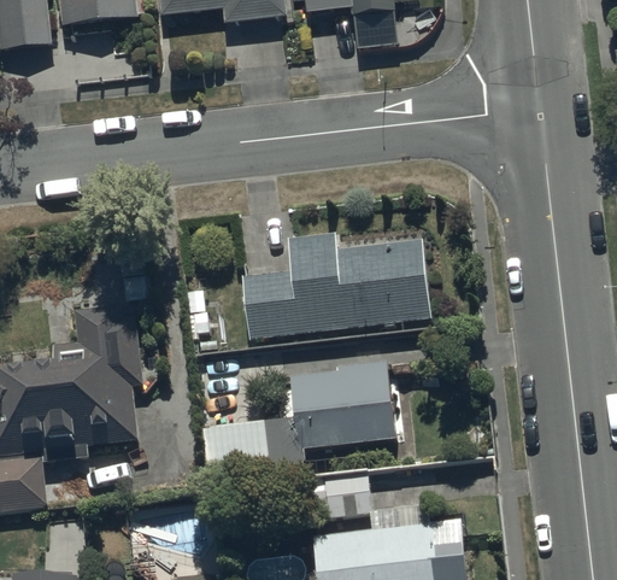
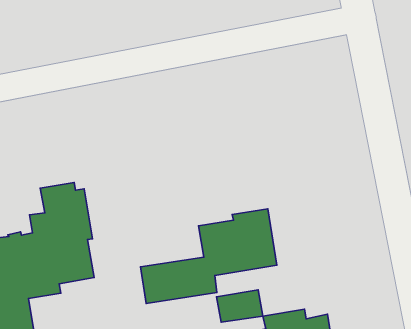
building: [243,236,429,340] -> none

